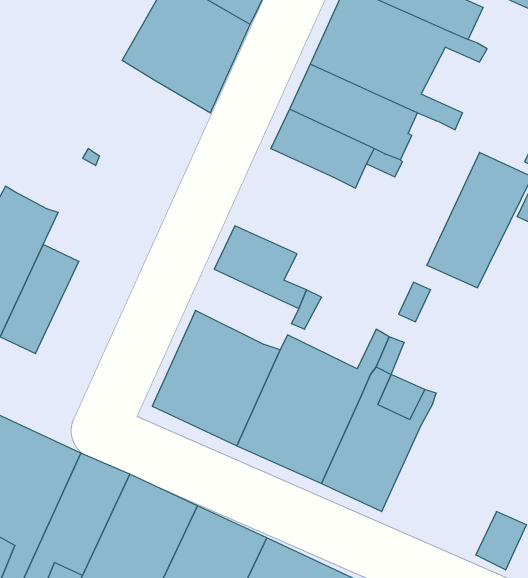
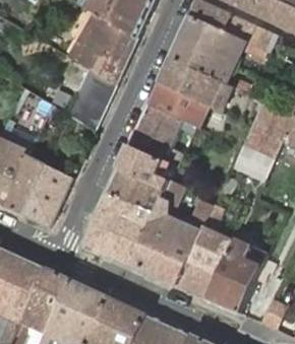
building: none -> [65,68,116,130]
building: none -> [129,105,182,165]
building: none -> [21,165,72,228]
building: none -> [108,169,155,210]
building: none -> [209,243,267,315]

